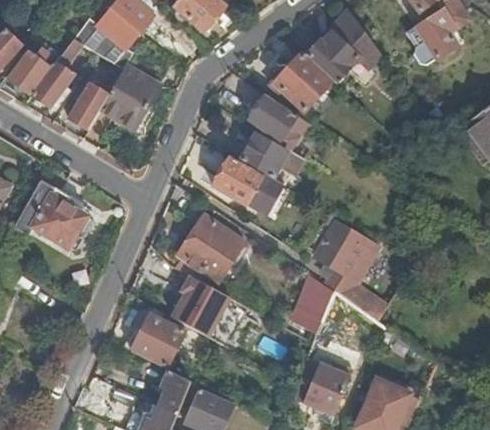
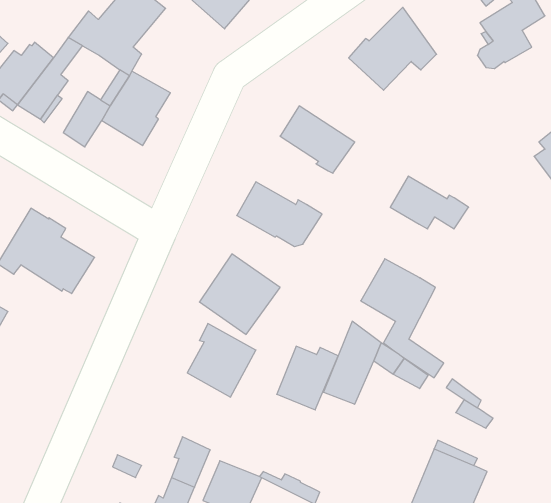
building: [274,55,330,110] -> none
building: [239,133,304,177] -> [390,176,469,229]
building: [129,312,184,368] -> none
building: [301,362,352,415] -> [277,346,338,410]

